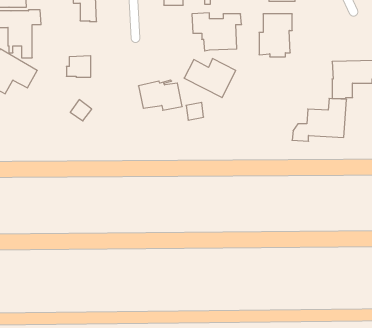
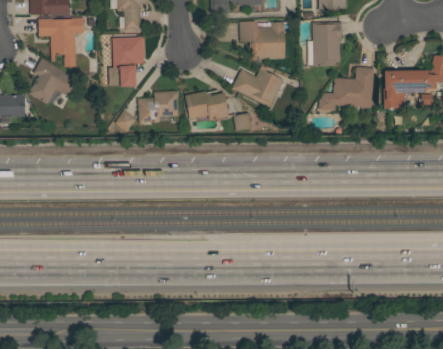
building: none -> [112,37,144,65]
building: none -> [137,91,178,123]
building: [292,98,347,141] -> [318,67,374,111]

